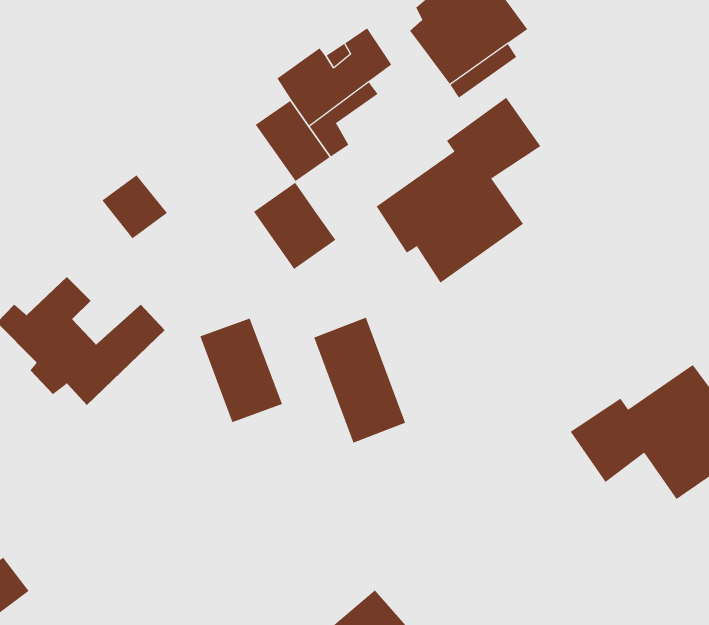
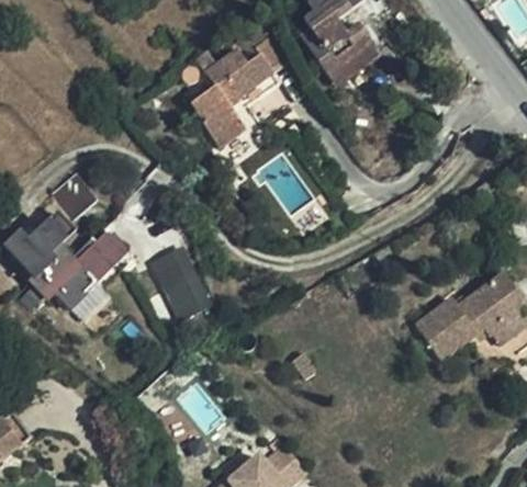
building: [376,97,541,283] -> none
building: [101,174,168,239] -> [51,173,98,219]
building: [253,182,336,270] -> none
building: [313,317,406,444] -> none

